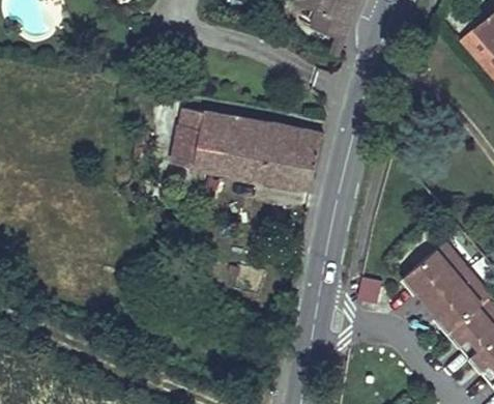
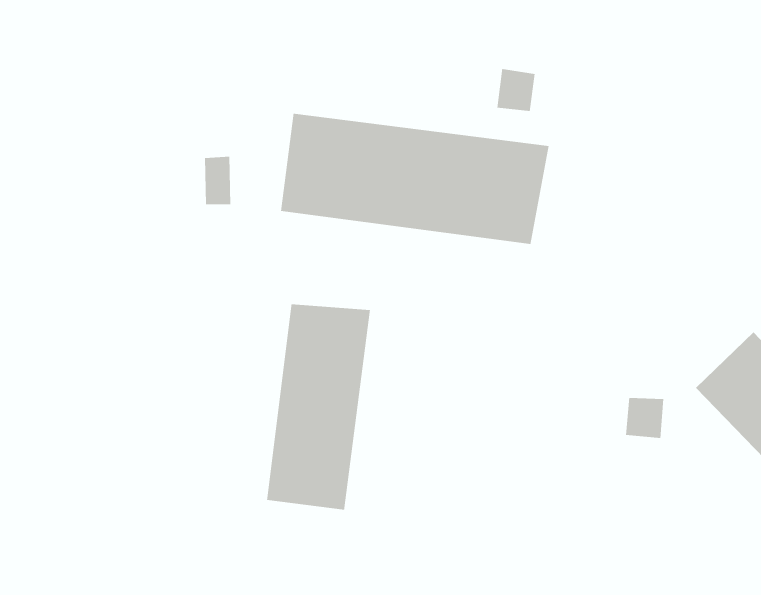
building: none -> [266,304,371,511]

